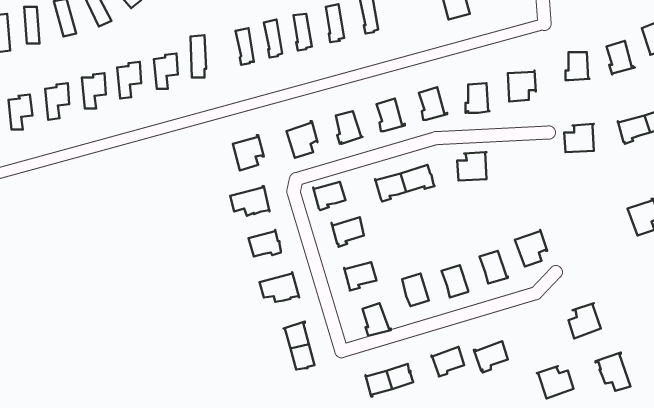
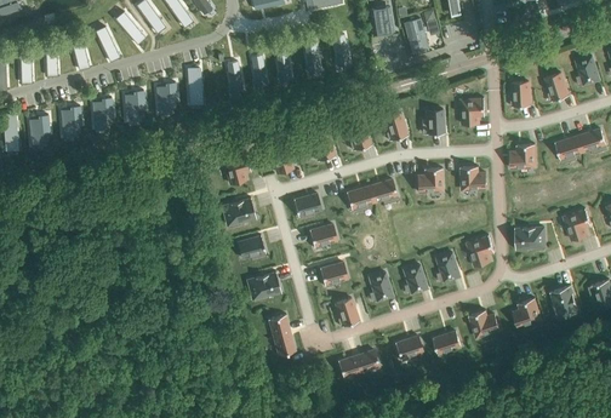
building: none -> [459,165,486,189]
building: none -> [514,227,544,248]
building: [595,353,631,391] -> [549,284,579,316]
building: [537,366,573,399] -> [468,309,499,337]

